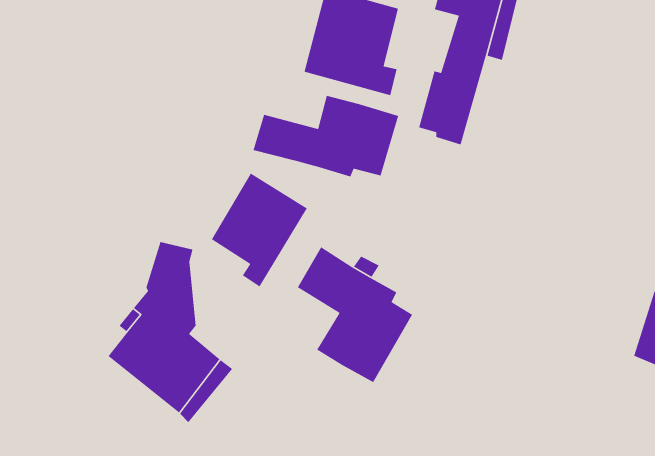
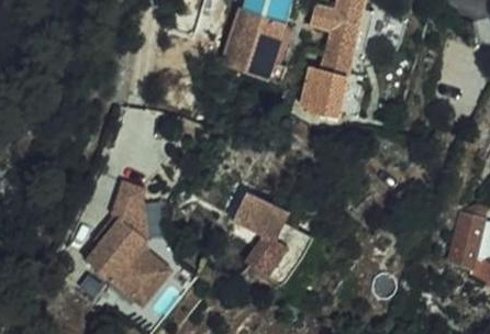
building: [252,95,399,177] -> none
building: [211,173,308,288] -> none

